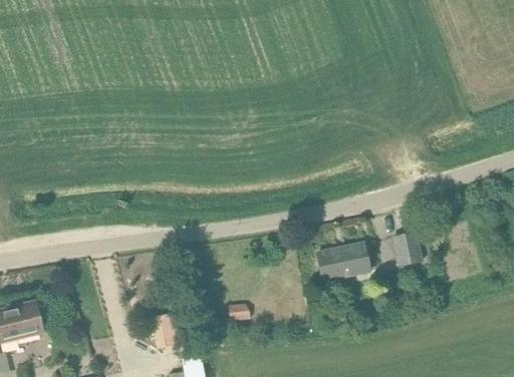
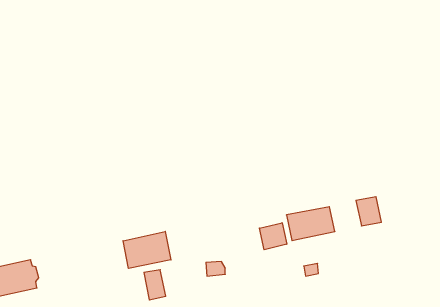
building: none -> [259,223,287,250]
building: none -> [123,231,171,268]

